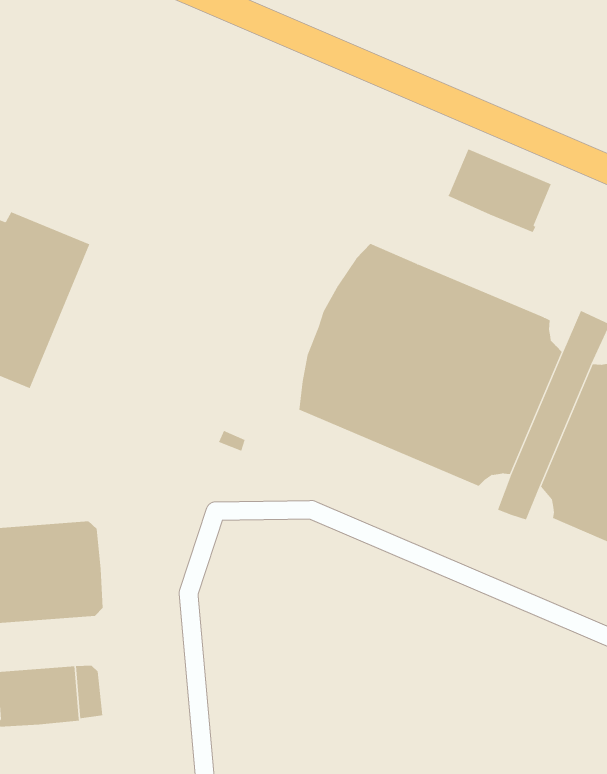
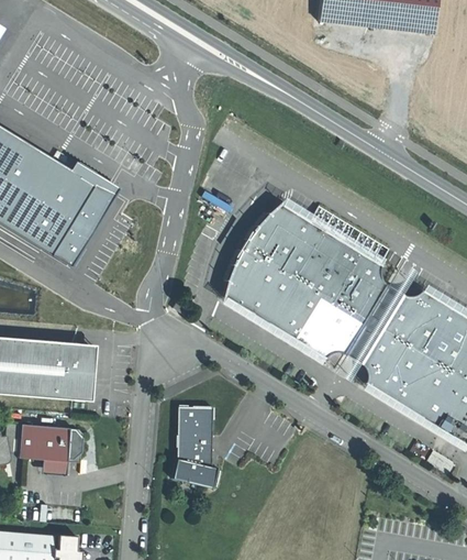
building: [448,148,551,233] -> none
building: none -> [173,407,219,490]

